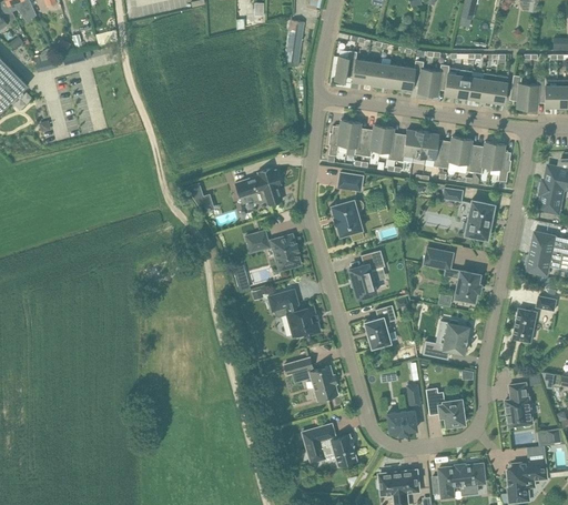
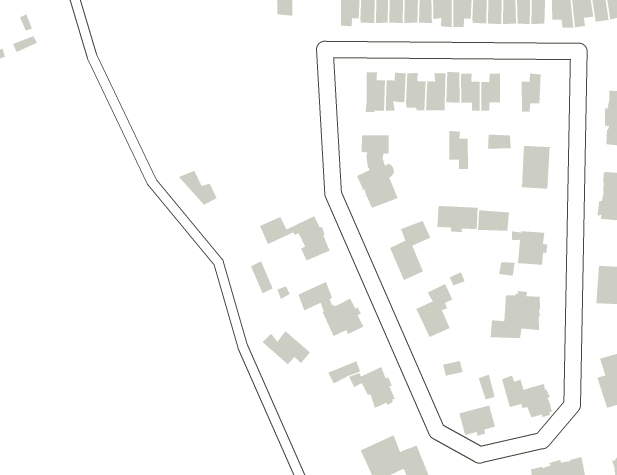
building: [328,121,351,156] -> none
building: [458,139,477,173] -> [448,130,469,169]
building: [490,144,510,182] -> none
building: [235,169,282,205] -> none
building: none -> [437,205,478,233]
building: none -> [262,330,311,365]

